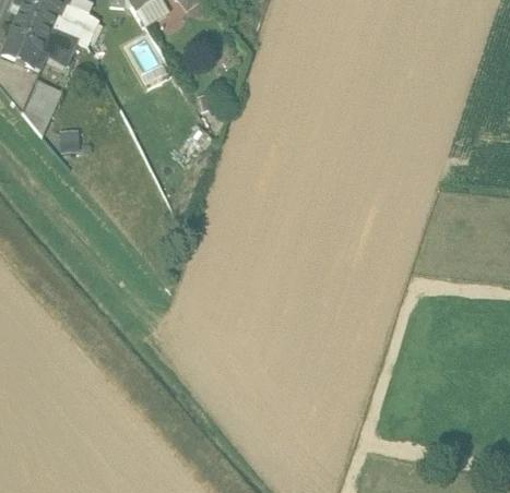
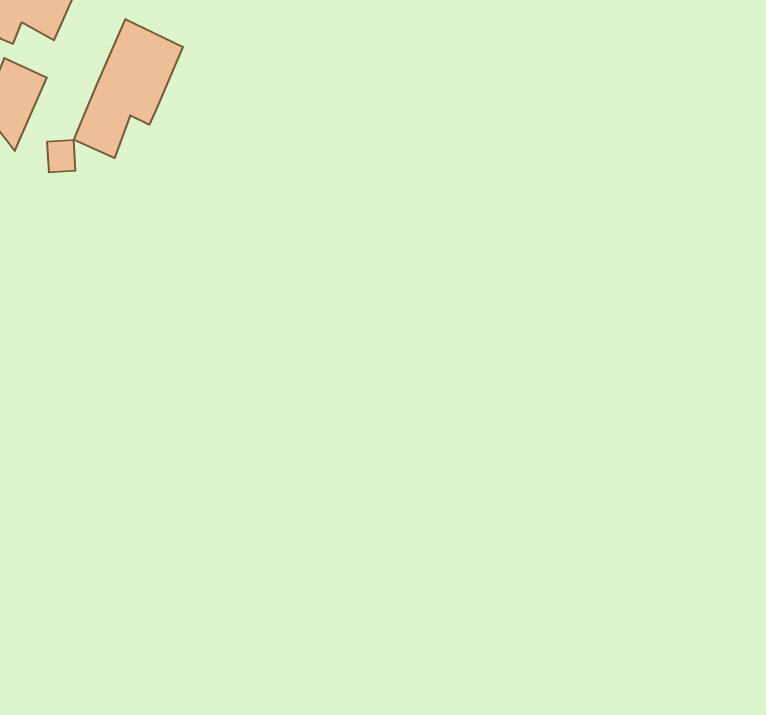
building: none -> [74,19,183,158]

